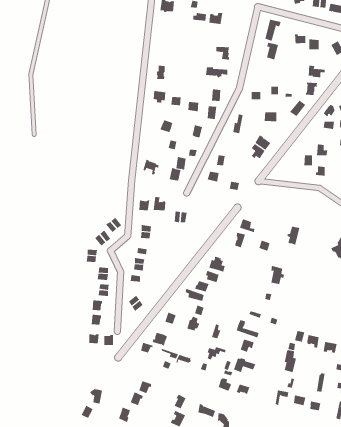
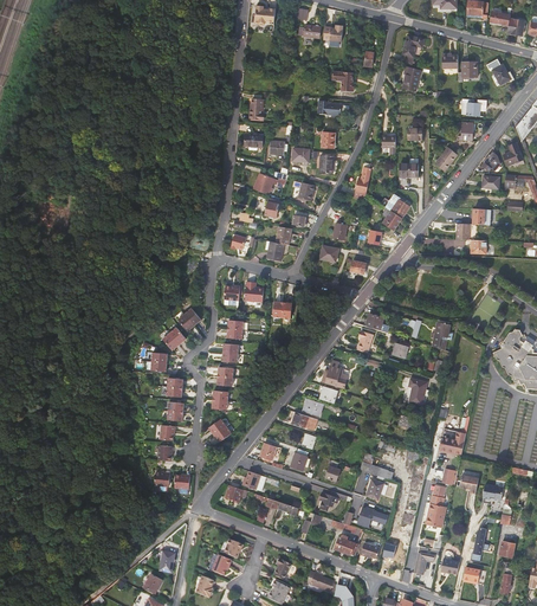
building: none -> [438,428,465,454]

